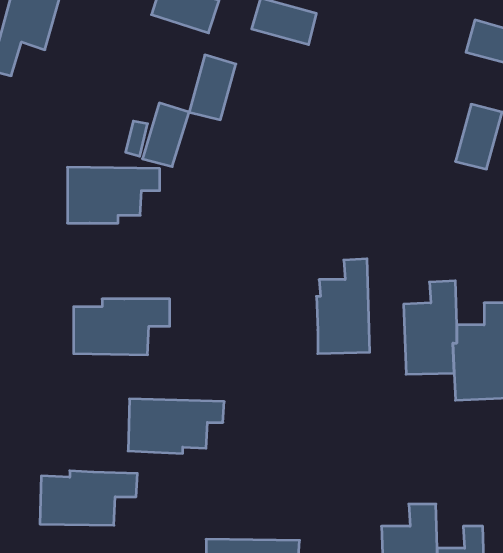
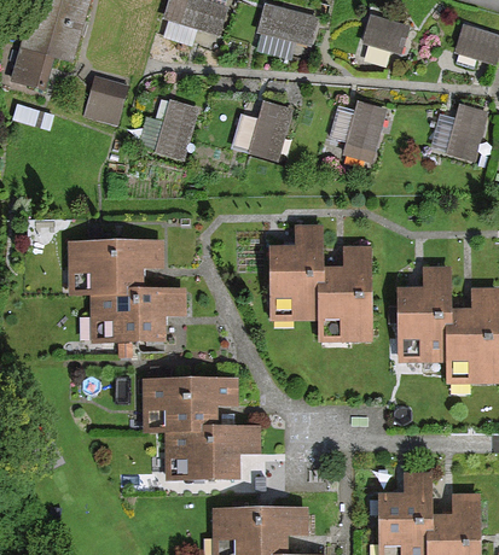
building: none -> [360,13,410,58]
building: [189,55,236,120] -> [250,100,294,160]
building: none -> [86,75,127,122]
building: none -> [344,103,388,163]
building: [67,167,160,223] -> [71,239,157,291]
building: none -> [271,226,321,314]
building: [40,471,137,525] -> [166,421,256,472]

